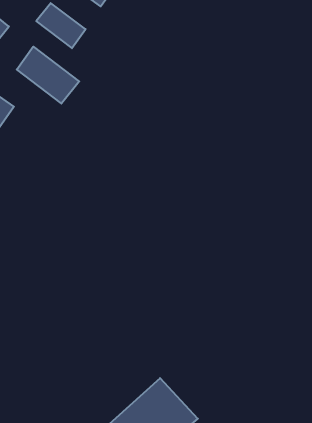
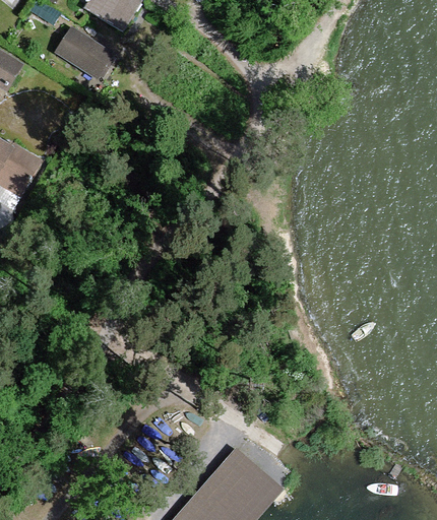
building: [17,47,79,104] -> none

